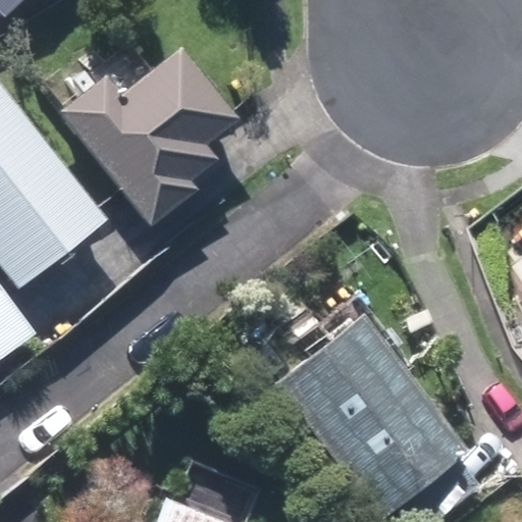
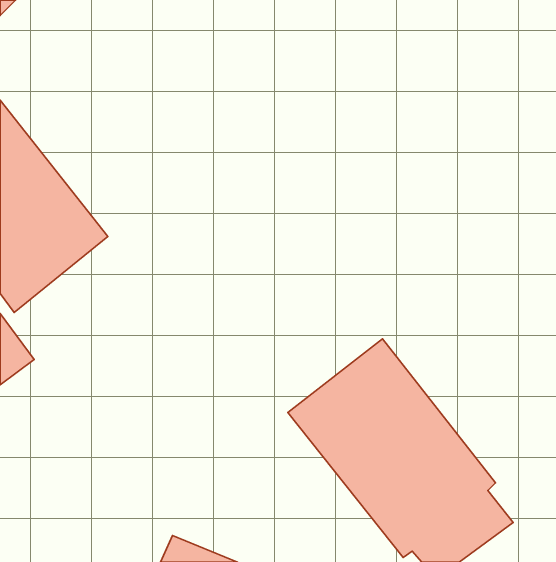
building: [62,45,237,222] -> none

